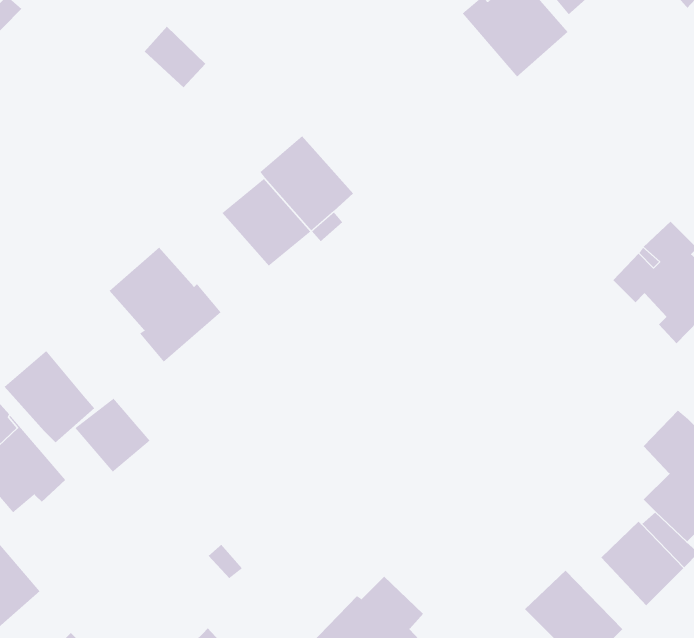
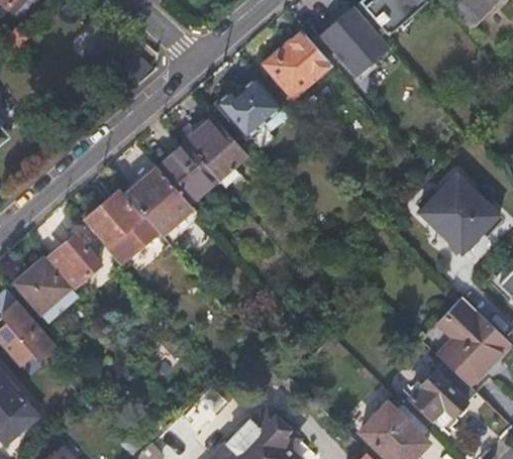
building: none -> [265,31,331,98]
building: none -> [219,79,281,136]
building: none -> [127,167,195,235]
building: [74,398,150,472] -> [50,235,101,284]

